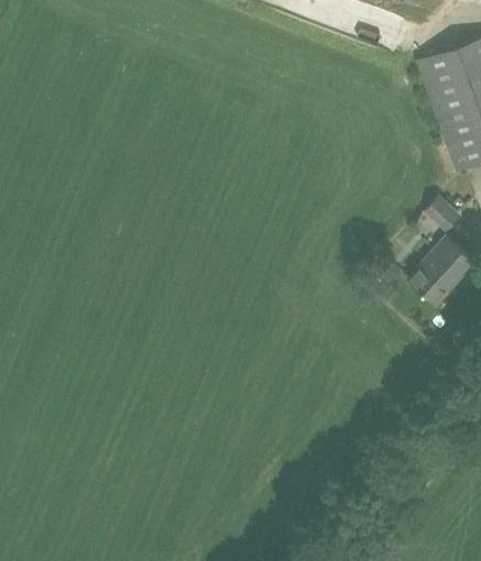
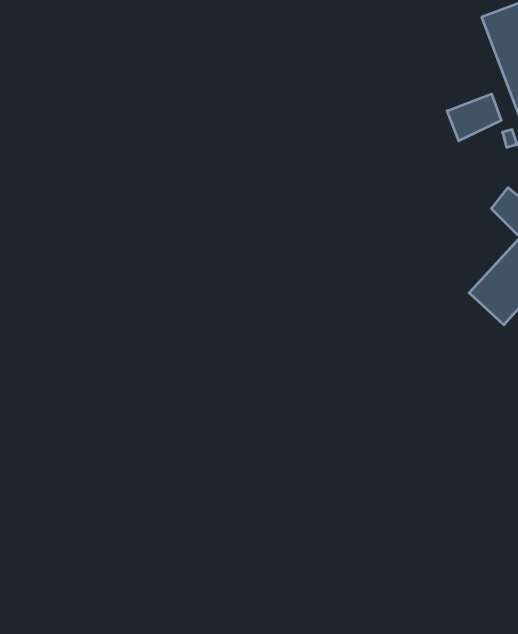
building: none -> [447,94,501,141]

